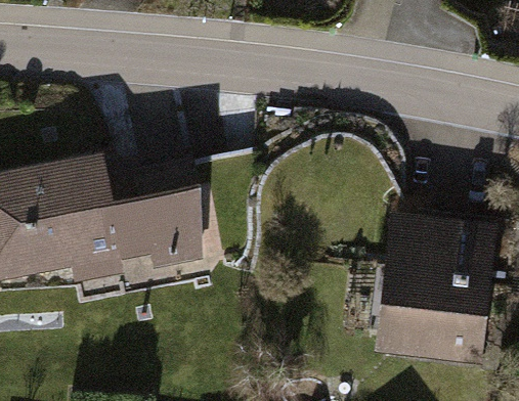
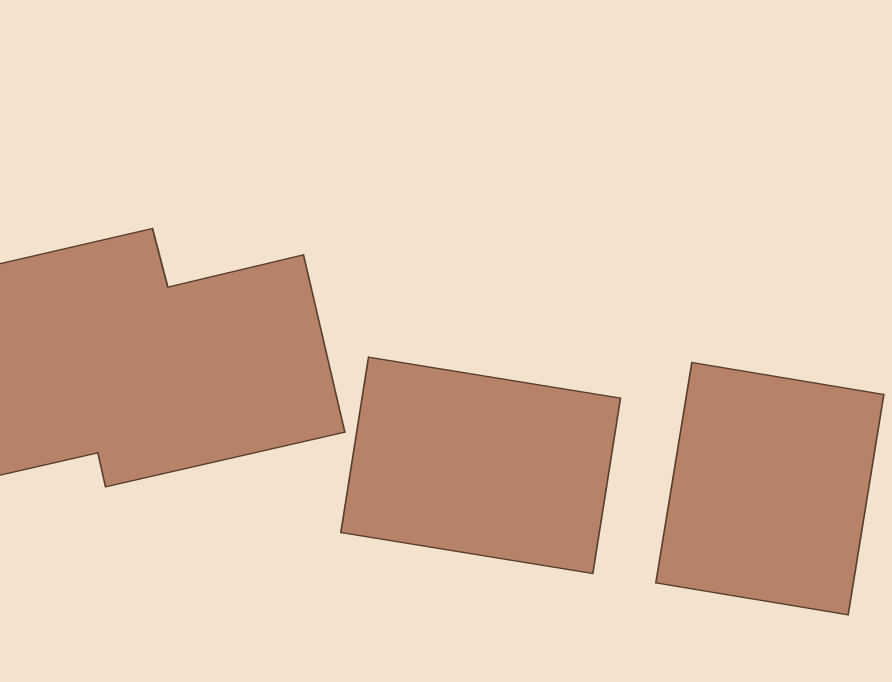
building: none -> [341,357,620,573]

